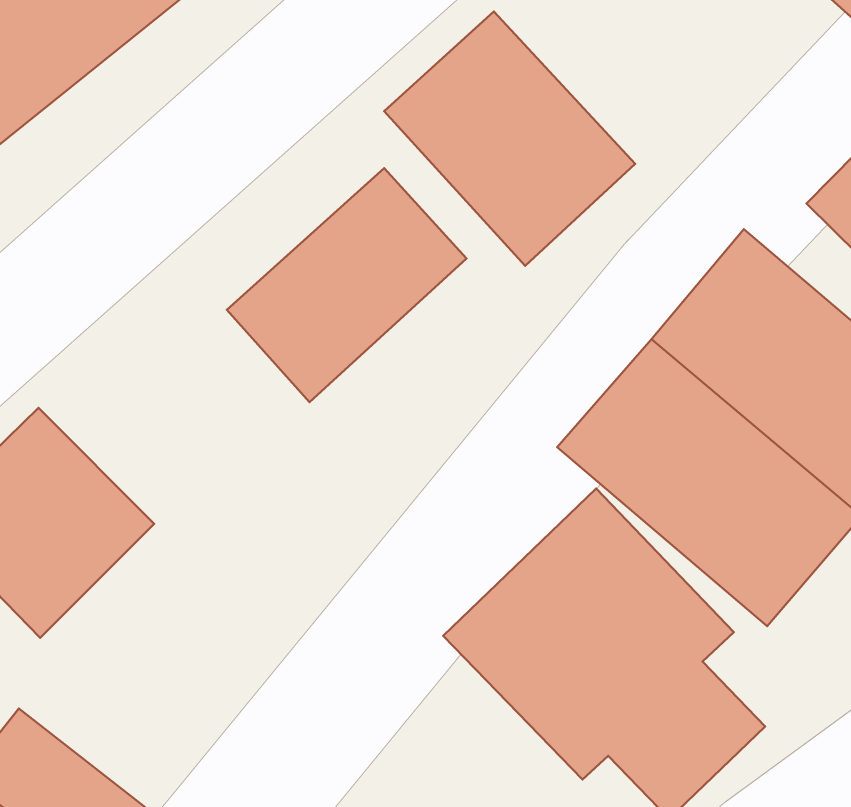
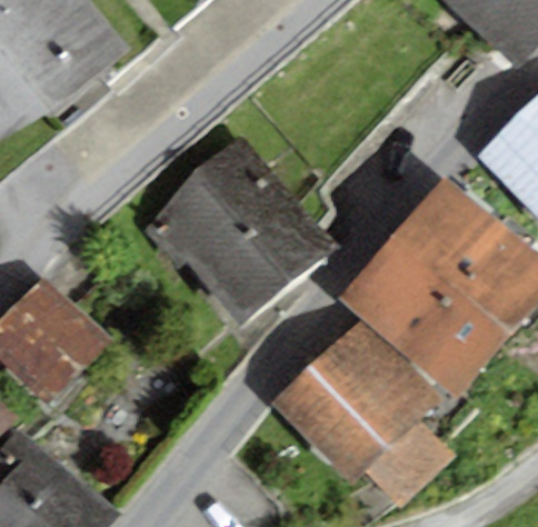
building: [384,11,635,266] -> none
building: none -> [197,190,337,327]

